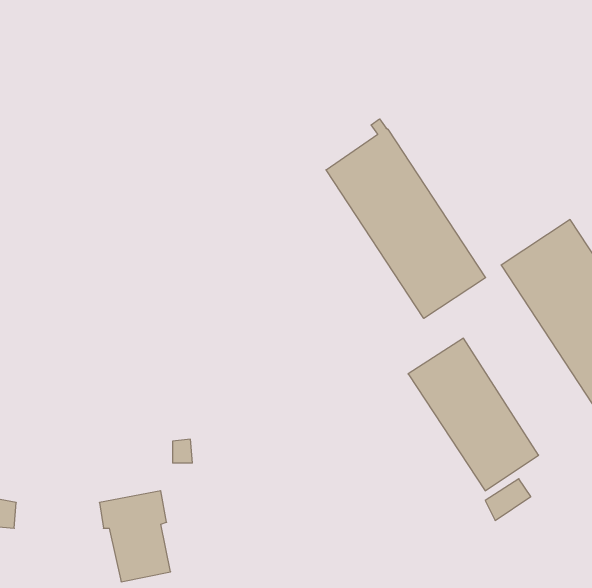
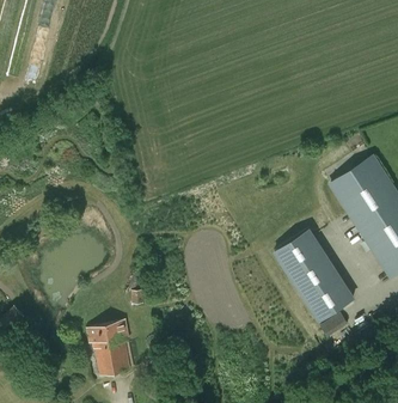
building: [326,119,486,318] -> none

